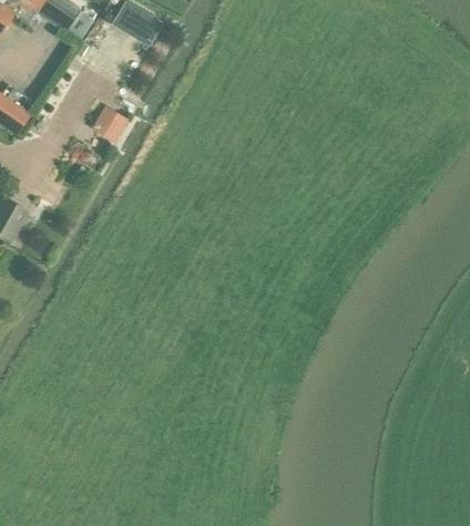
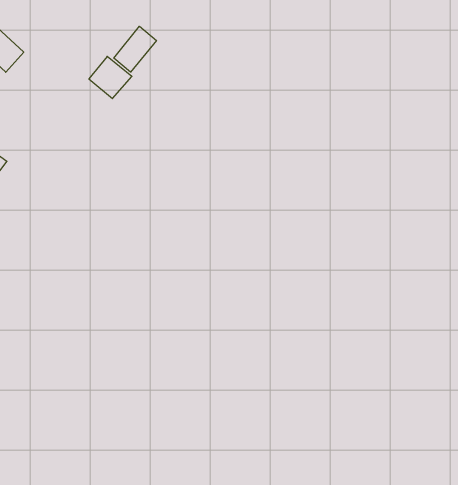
building: none -> [114,26,156,72]

